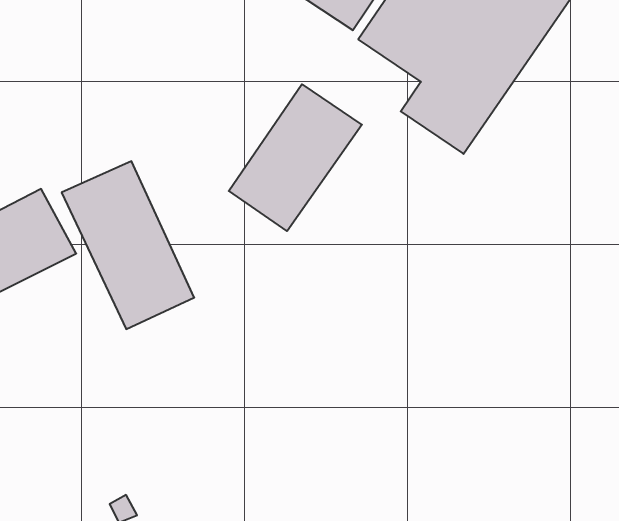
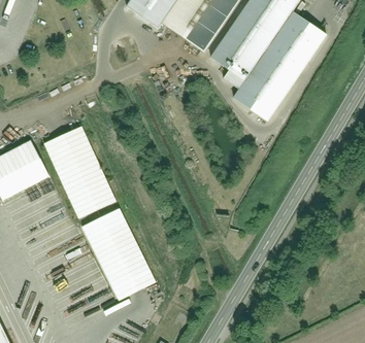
building: [229,84,362,231] -> none
building: none -> [82,208,156,300]

